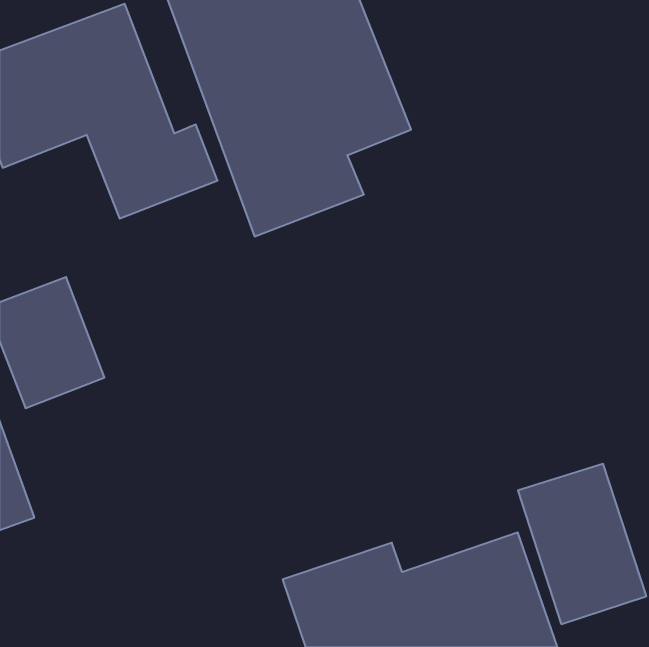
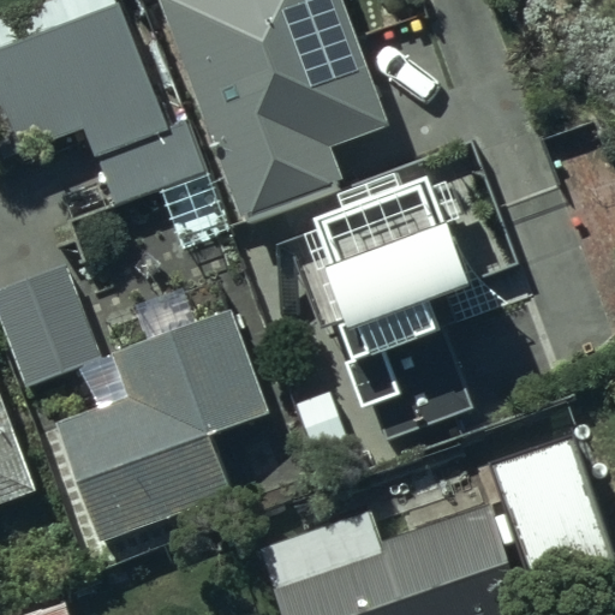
building: none -> [317,208,474,438]
building: none -> [53,308,267,541]

